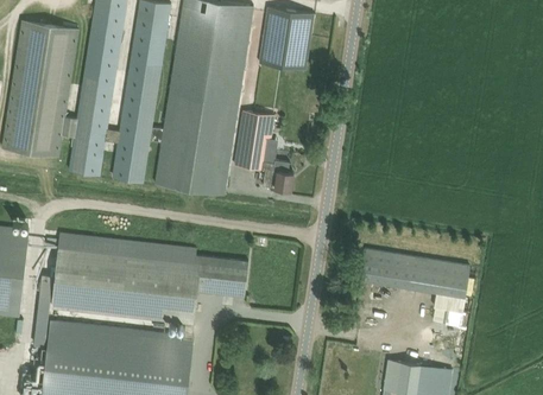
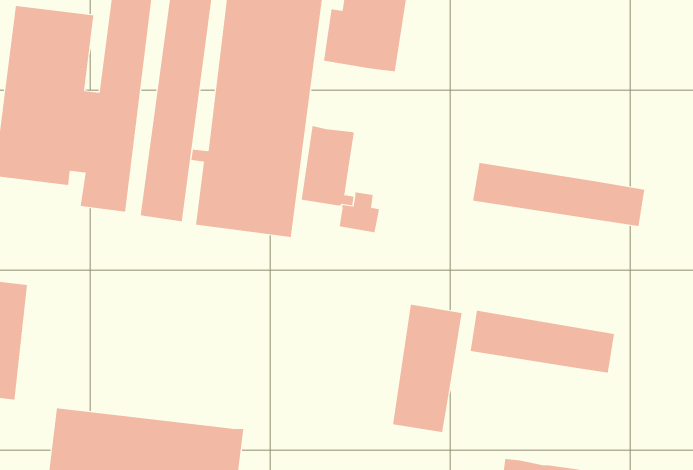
building: none -> [472,162,645,227]
building: [51,232,248,338] -> none
building: none -> [393,304,462,433]

